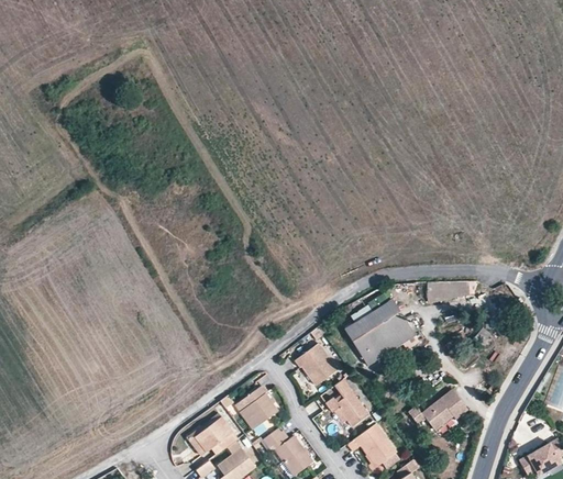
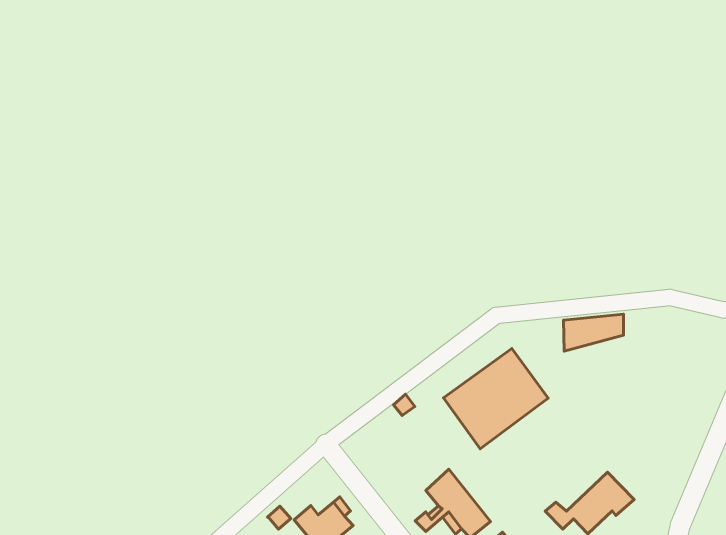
building: [294,343,338,386] -> none

